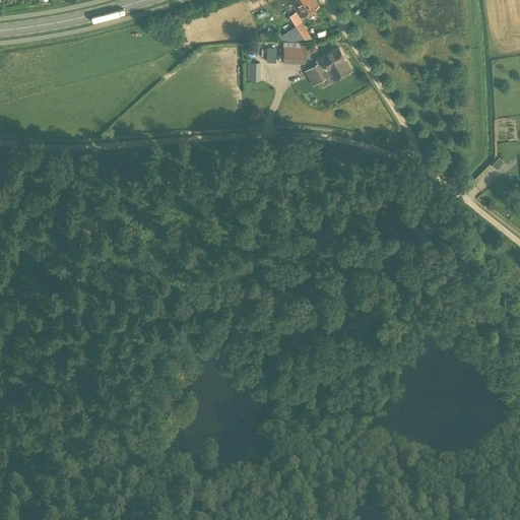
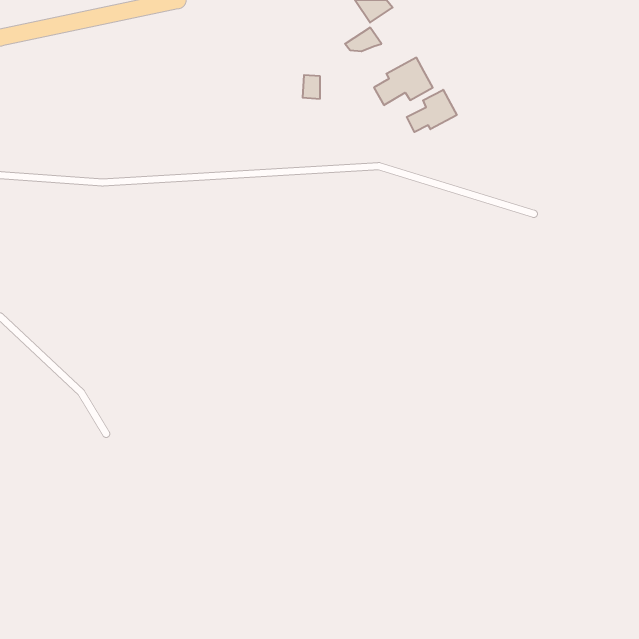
building: [278,45,305,63] -> none
building: none -> [407,90,457,132]

